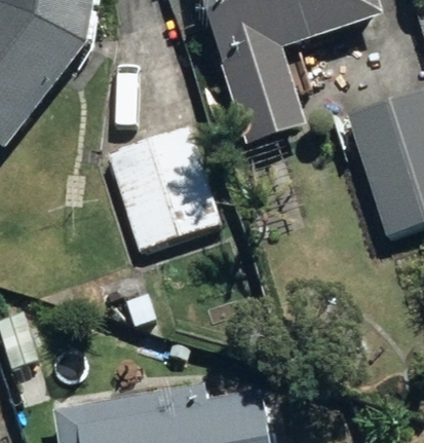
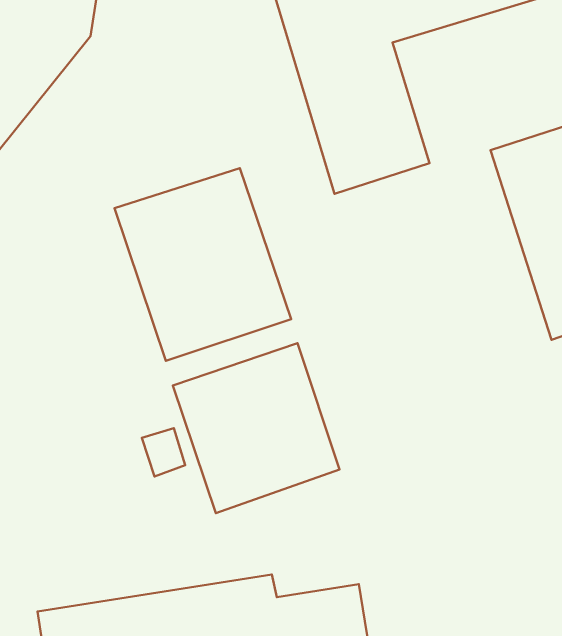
building: none -> [173,343,340,513]

